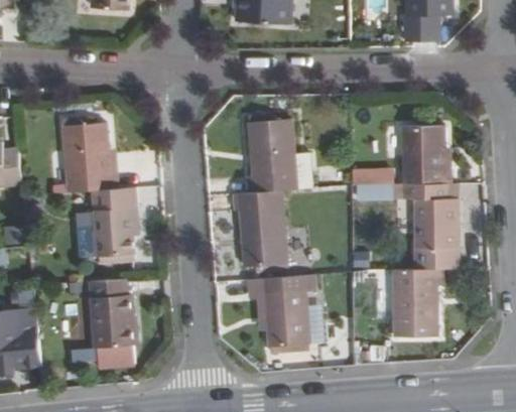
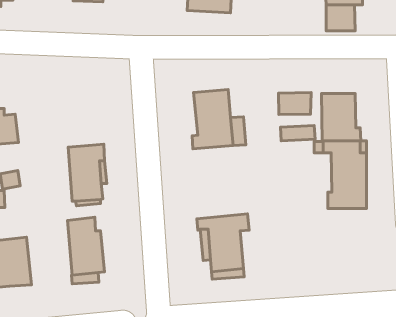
building: [56,123,113,194] -> none
building: none -> [278,93,311,115]
building: [230,190,286,268] -> none
building: [394,271,445,339] -> none

